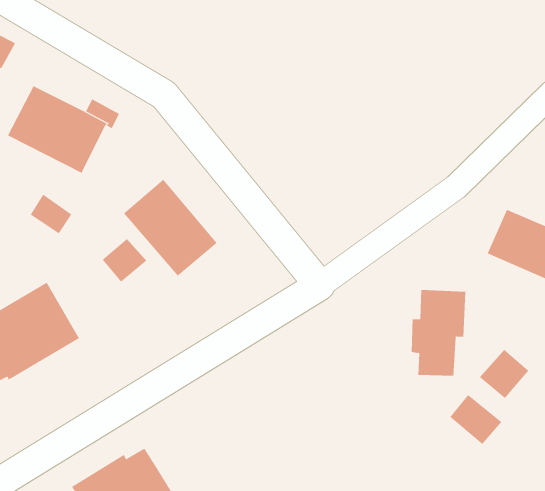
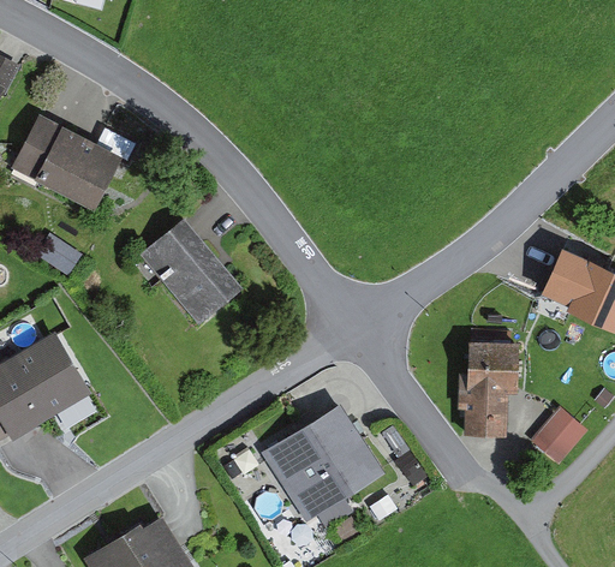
building: [102,238,147,282] -> none
building: none -> [261,404,386,524]
building: [449,394,502,445] -> none

